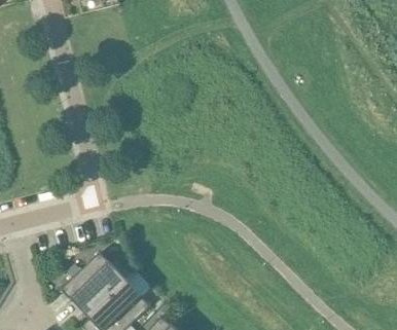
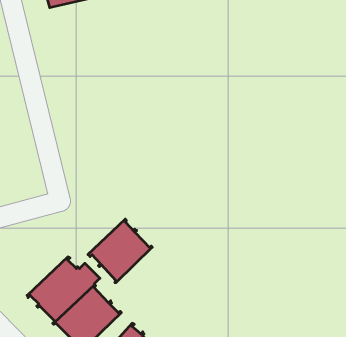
building: none -> [88,219,152,283]

